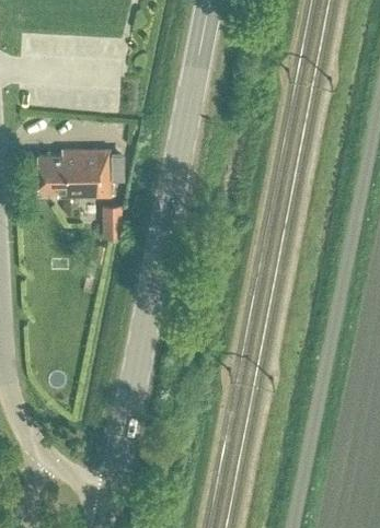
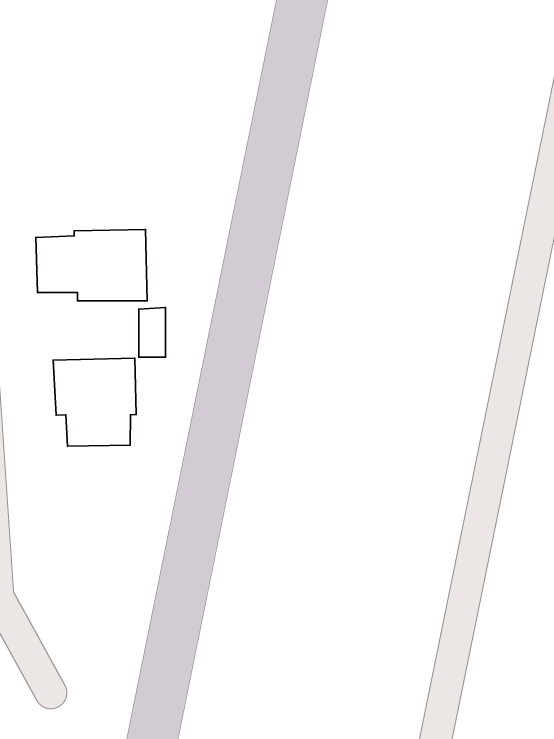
building: none -> [53,358,136,446]

